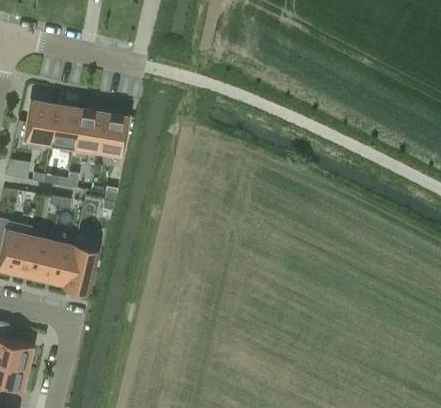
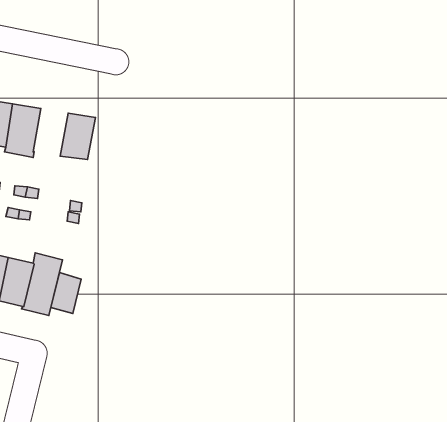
building: [73,109,104,151] -> none
building: none -> [51,273,81,313]

